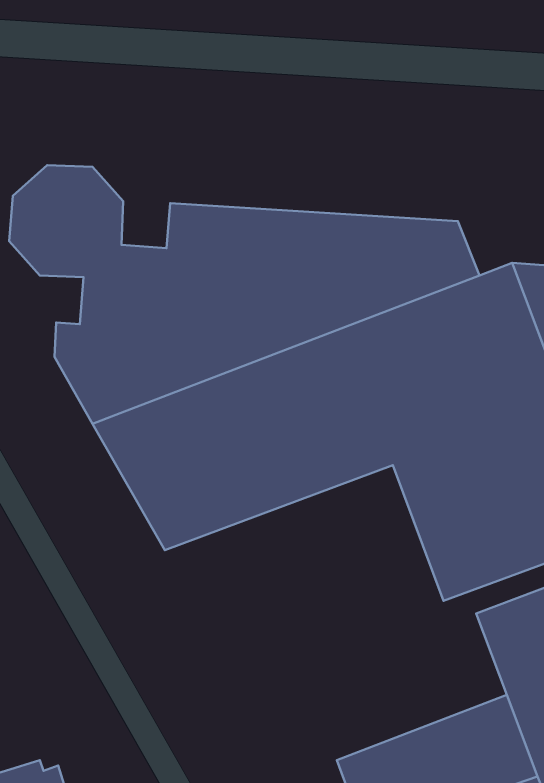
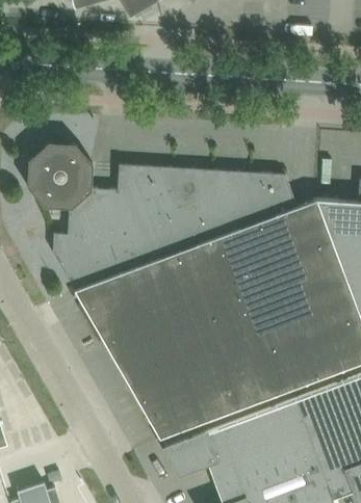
building: none -> [117,316,277,439]
building: none -> [165,401,313,485]

